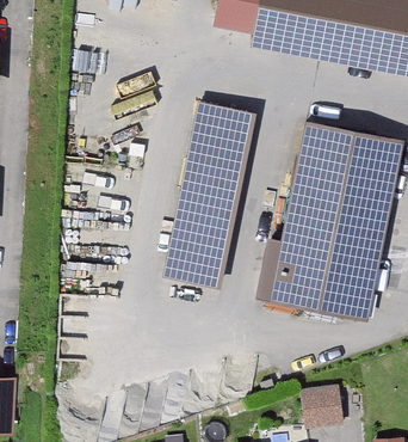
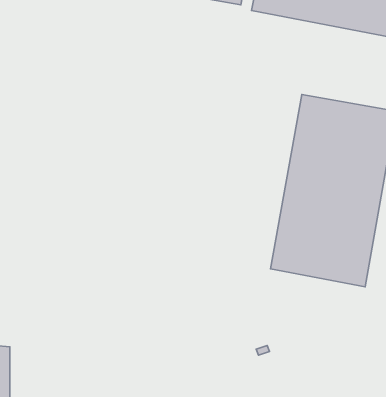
building: [162,105,255,291] -> none
building: [301,382,342,422] -> none

